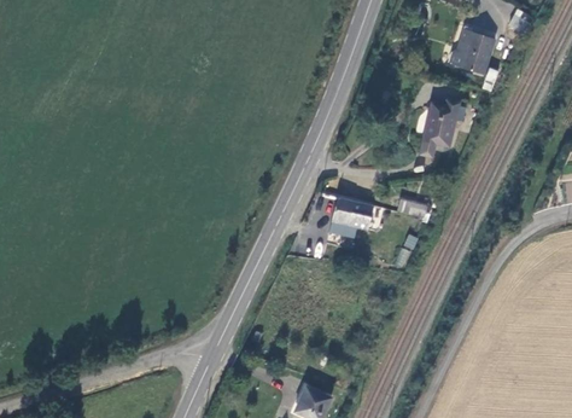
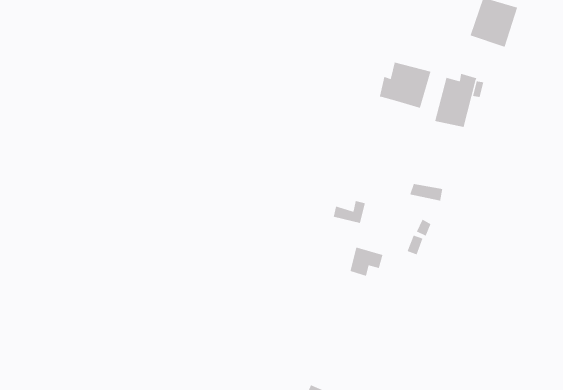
building: none -> [379,61,432,109]
building: [328,197,360,225] -> [349,247,383,277]

